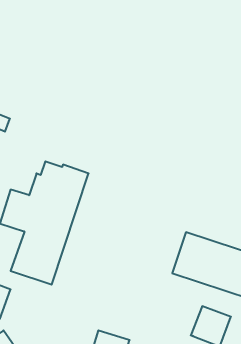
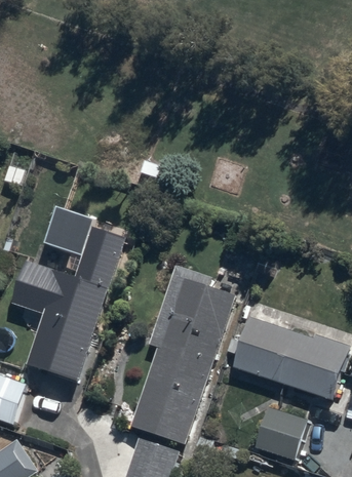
building: none -> [132,267,233,443]

